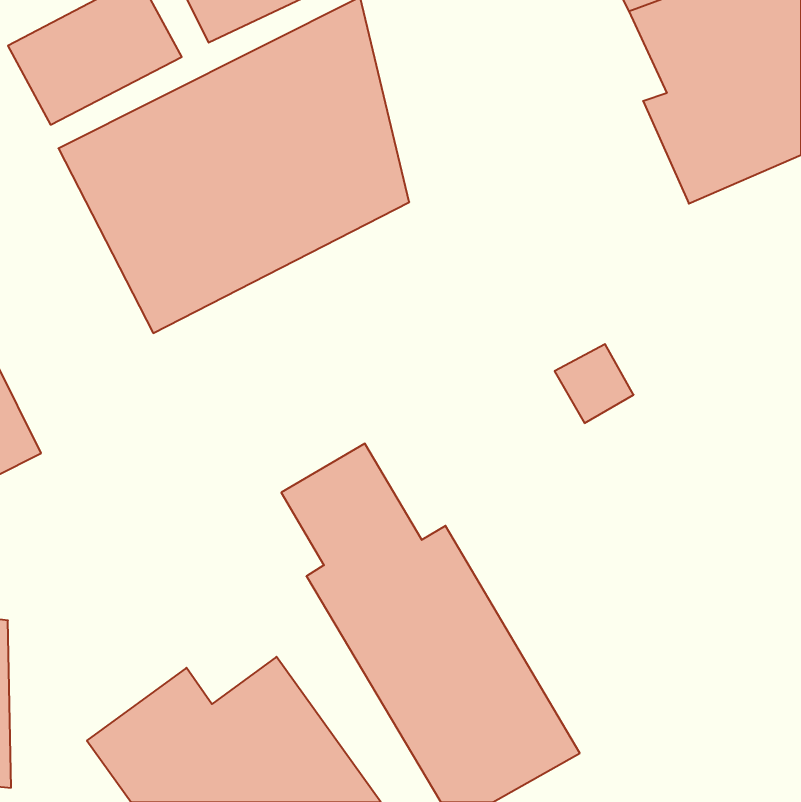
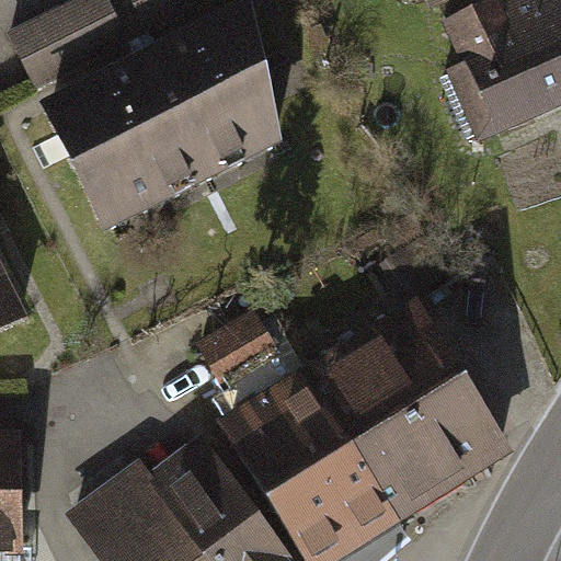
building: none -> [309,298,512,523]

